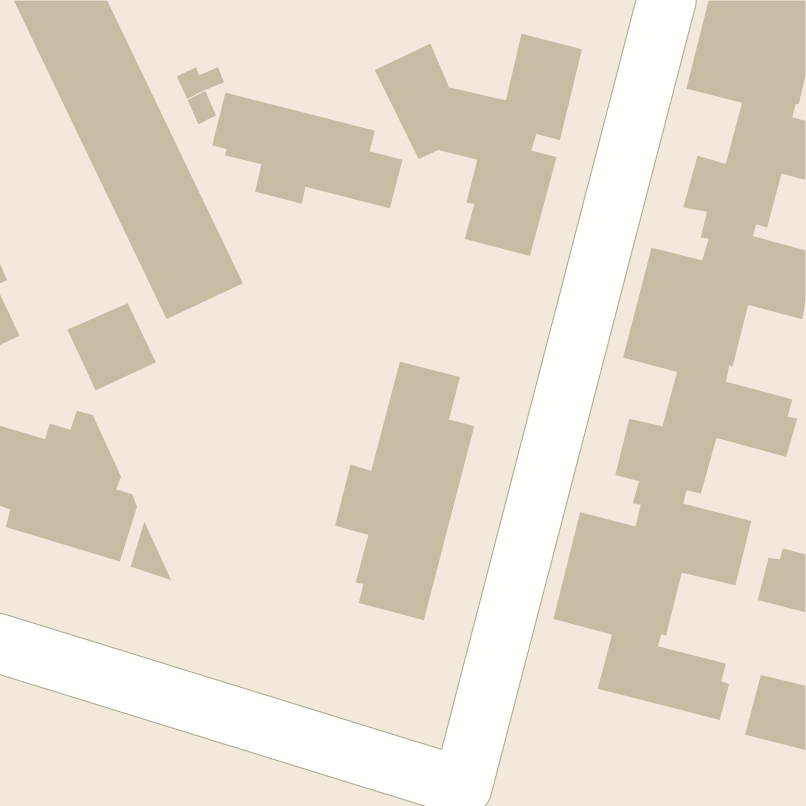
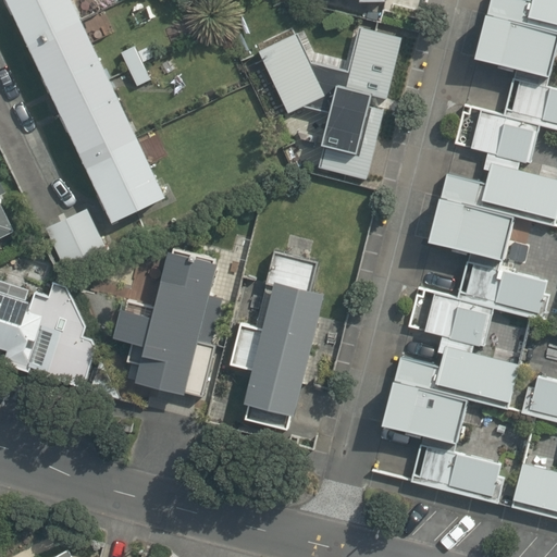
building: [212,92,403,209] -> none
building: none -> [113,252,223,397]

